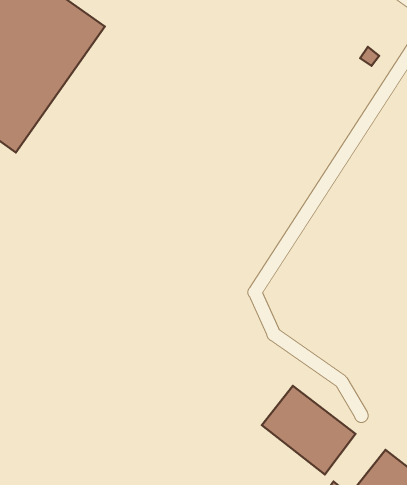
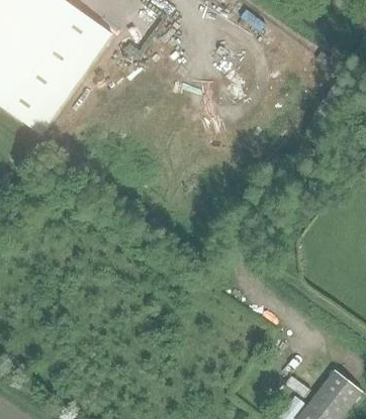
building: [262,386,356,474] -> none

